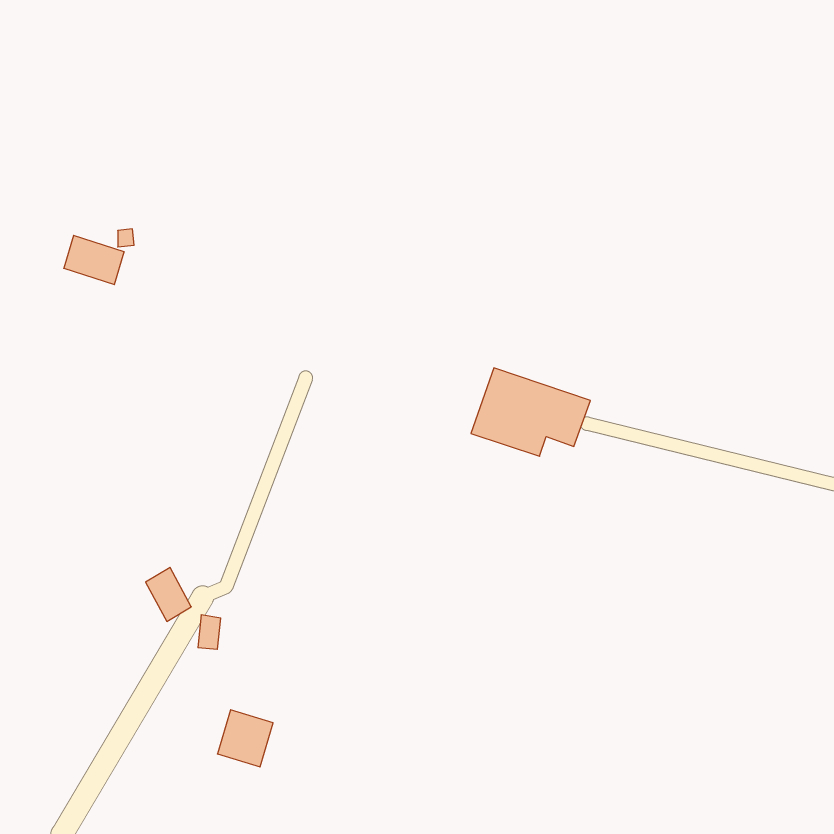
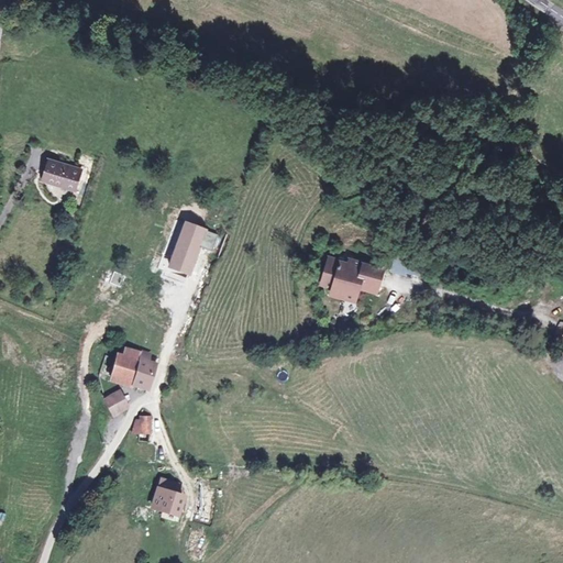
building: none -> [169,222,217,274]
building: none -> [113,346,159,390]

